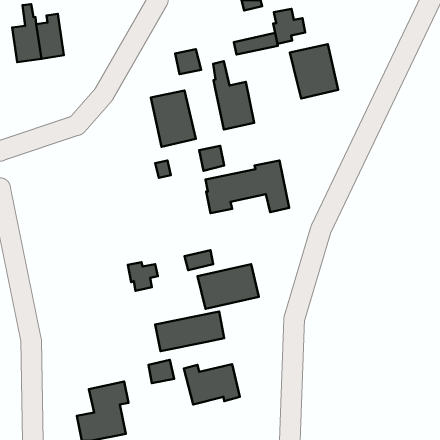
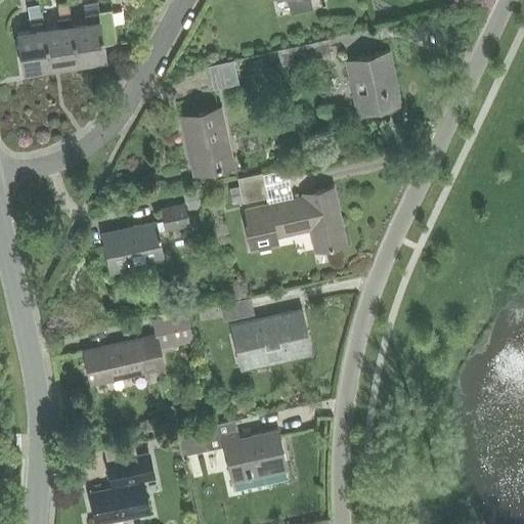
building: none -> [71,11,115,67]
building: [273,9,305,44] -> none
building: [213,61,254,130] -> none
building: none -> [104,206,190,274]
building: [155,311,224,351] -> [82,338,164,385]

